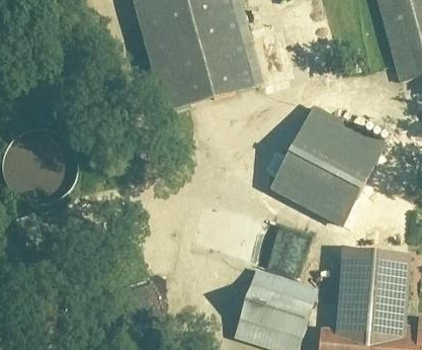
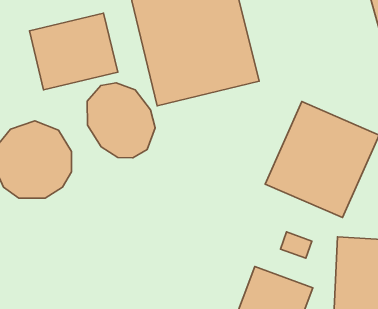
building: none -> [29,13,118,90]
building: none -> [87,83,155,158]

